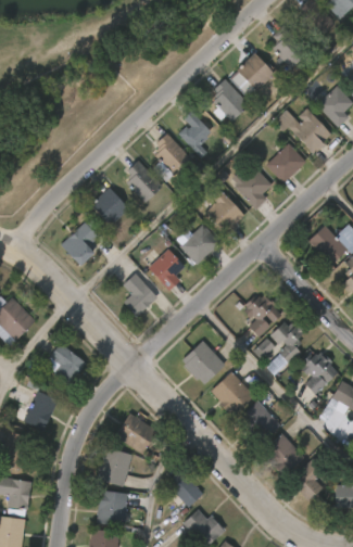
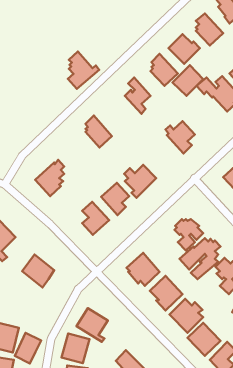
building: [154,132,196,181] -> [68,52,99,89]
building: [266,142,306,182] -> [173,65,203,96]
building: [91,188,128,226] -> none
building: [205,189,244,237] -> none
building: [24,391,59,431] -> [15,333,41,363]

